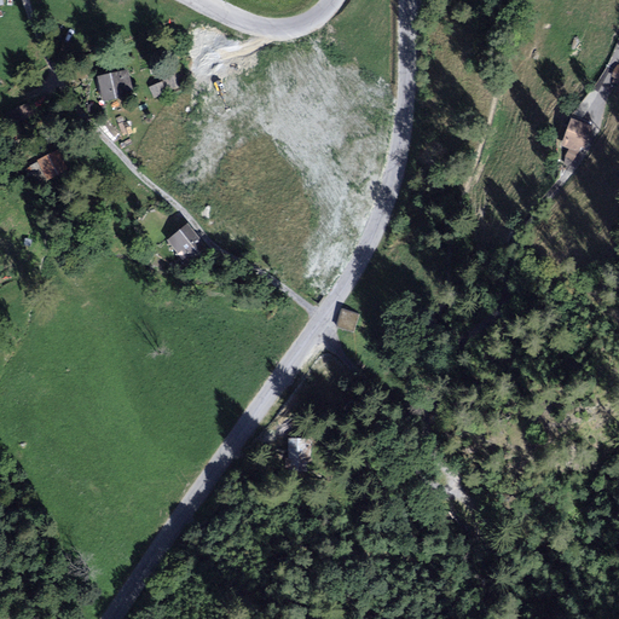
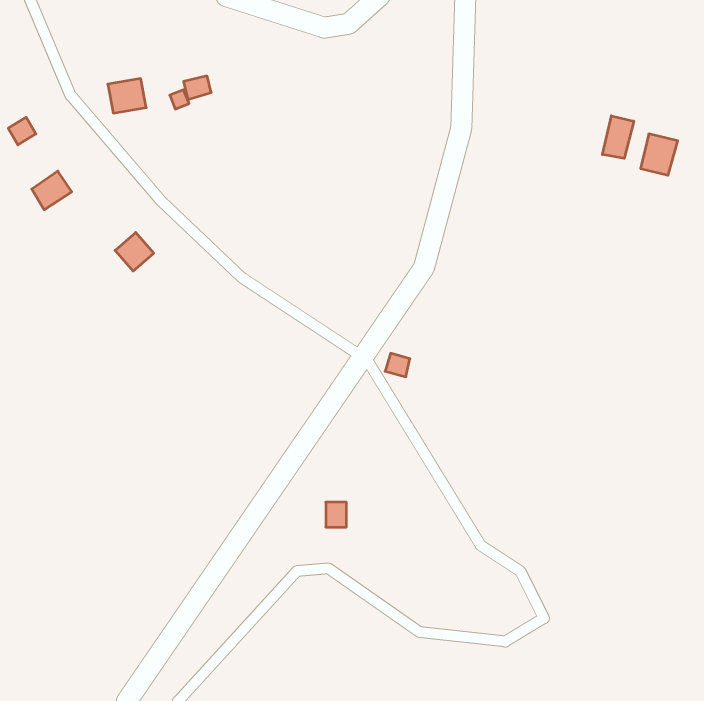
building: none -> [602,116,634,158]
building: [167,224,201,258] -> [115,232,154,271]

